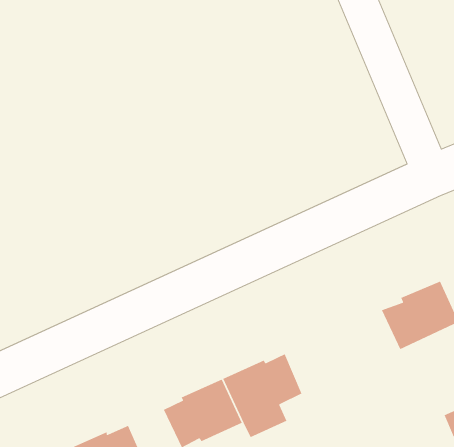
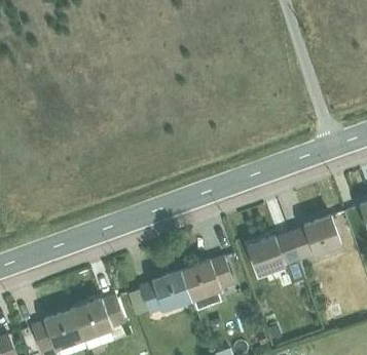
building: none -> [247,232,306,282]

